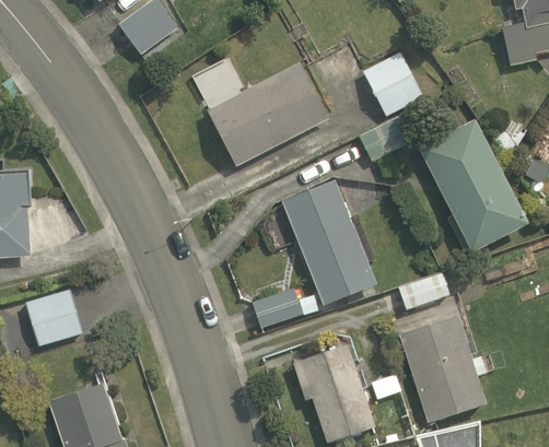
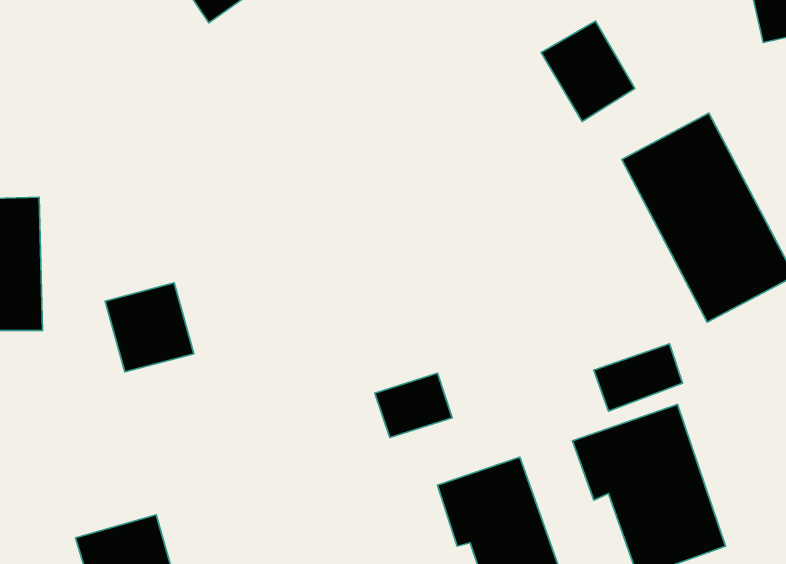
building: [192,58,326,166] -> none
building: [279,175,382,302] -> none
building: [25,290,84,349] -> [105,283,194,372]

